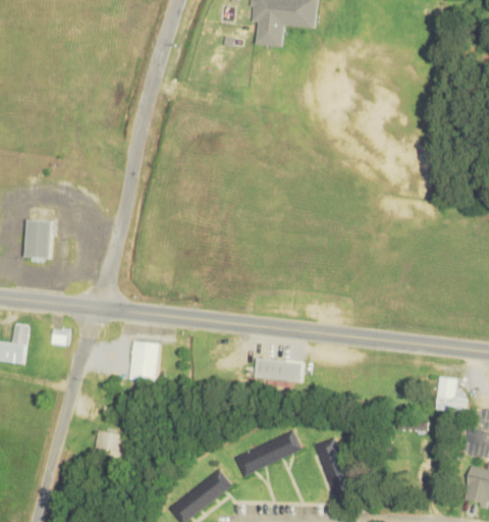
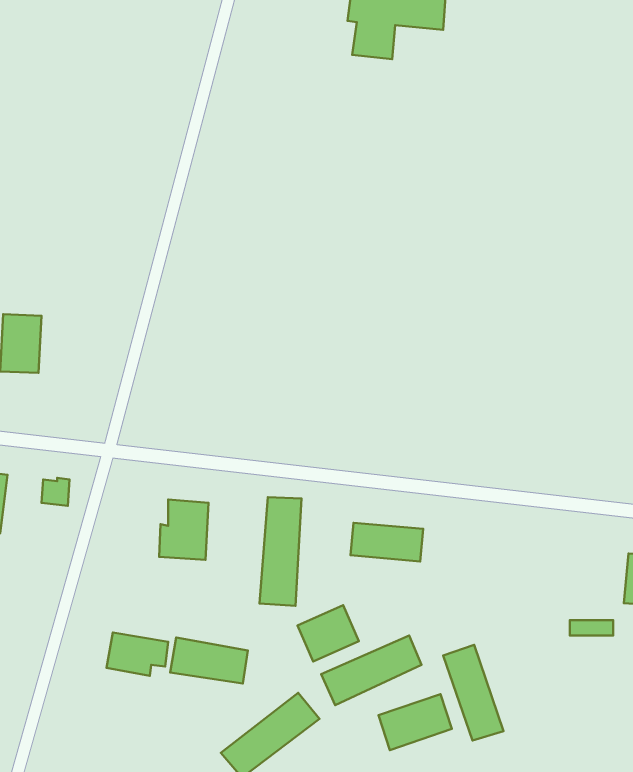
building: none -> [260,497,302,606]
building: none -> [298,605,359,662]
building: none -> [170,637,248,684]
building: none -> [379,694,452,750]

